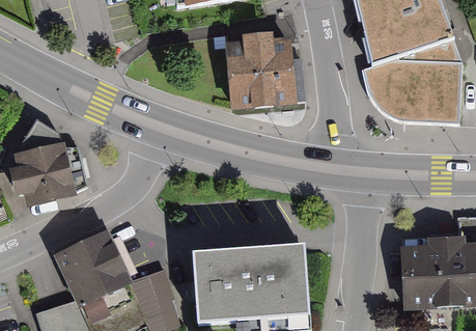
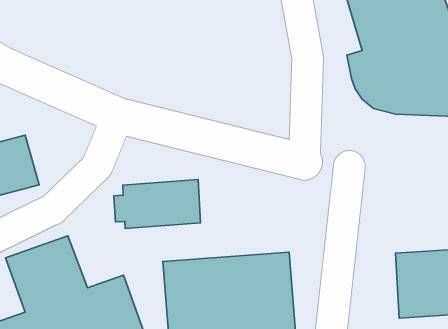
building: [226,35,293,109] -> none
building: none -> [114,180,201,228]

